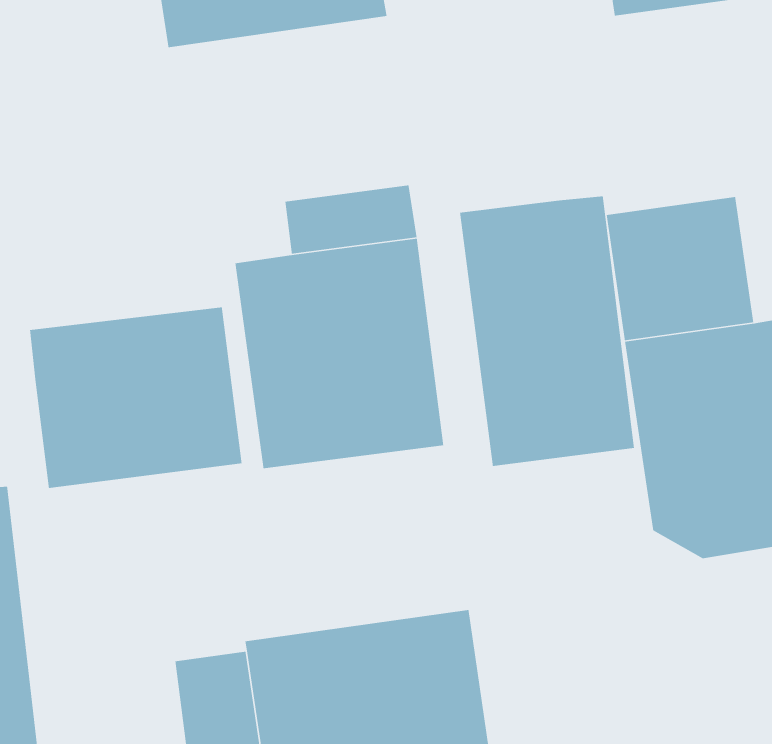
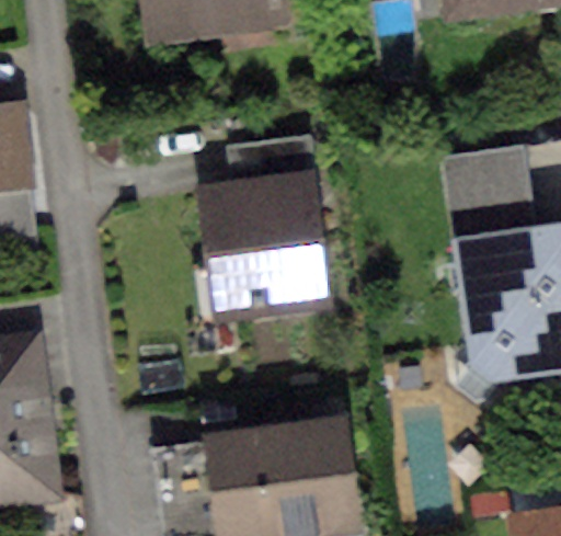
building: [459,195,635,467] -> none
building: [29,306,243,489] -> none

